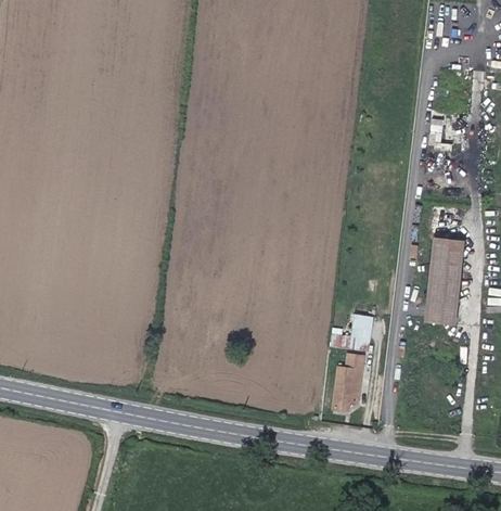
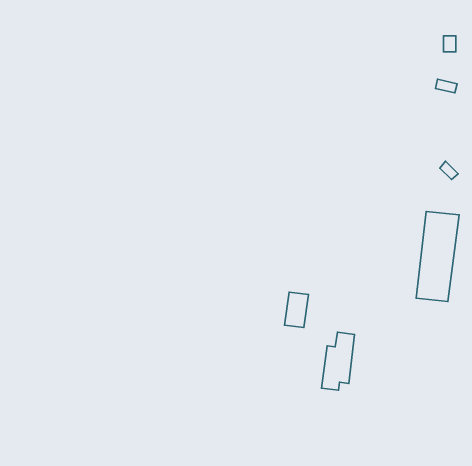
building: [350,315,373,348] -> [285,292,308,327]

